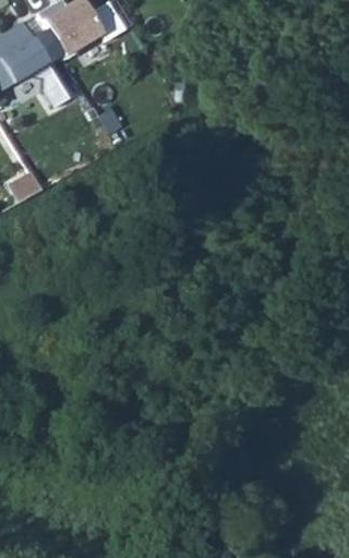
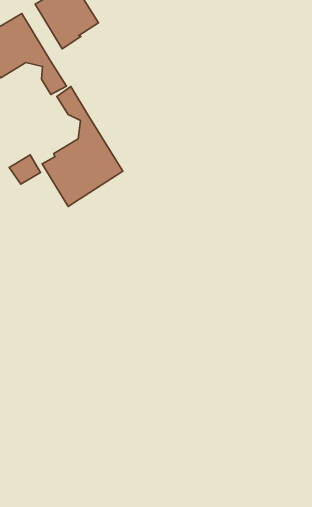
building: none -> [42,86,123,207]

